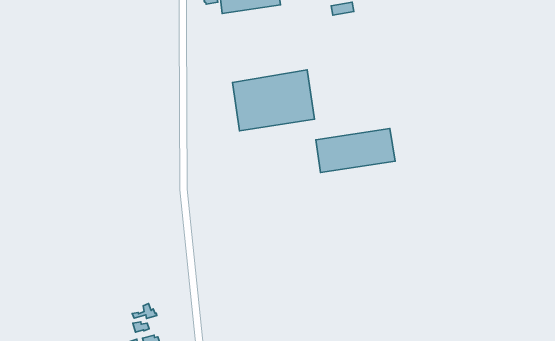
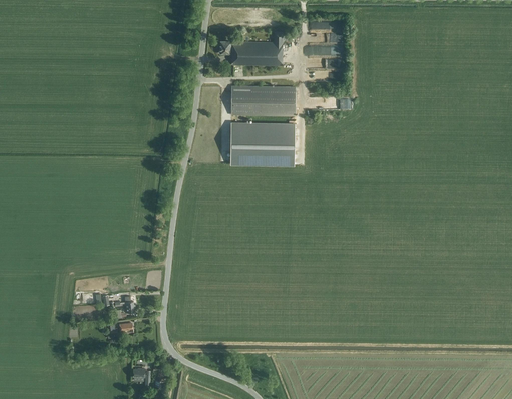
building: [316,128,395,173] -> [230,86,295,115]

